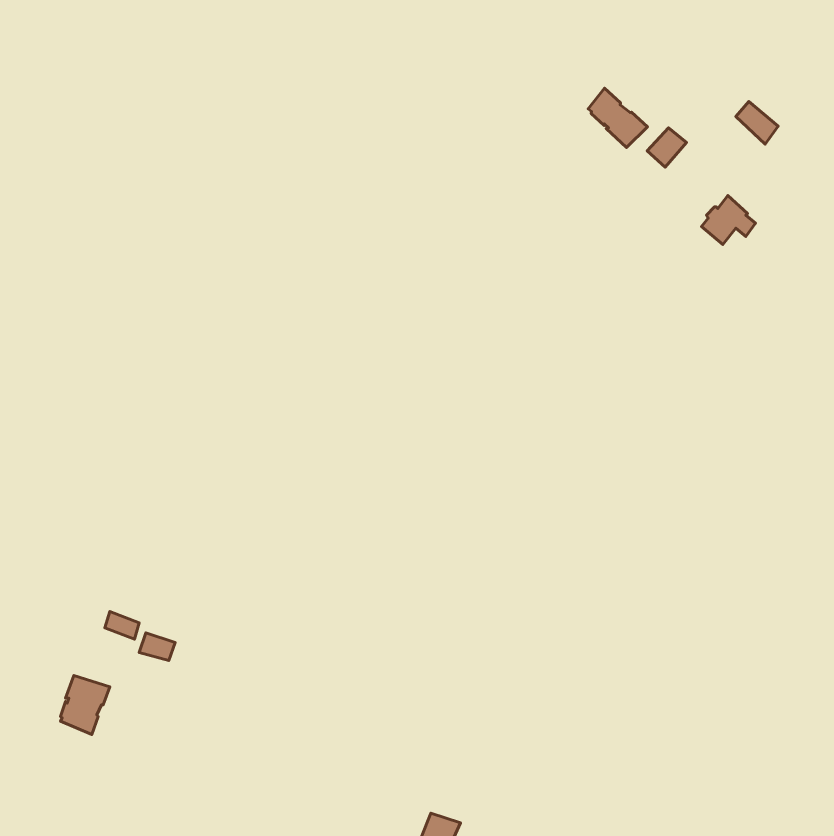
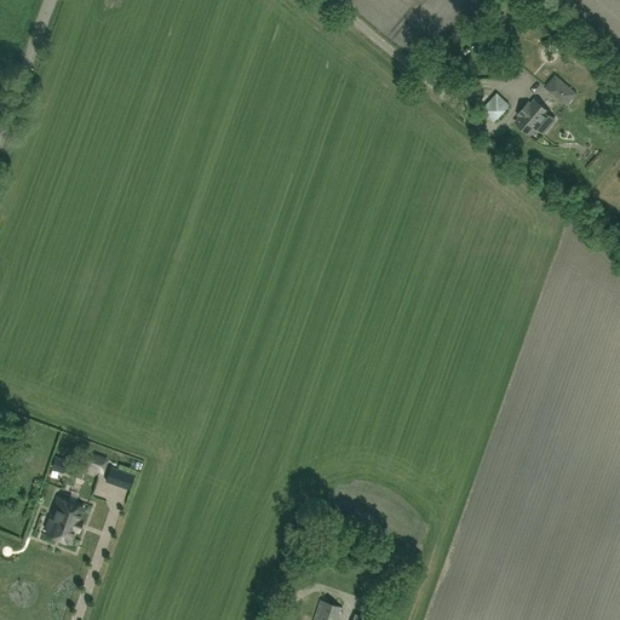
building: [588,88,648,147] -> none
building: [702,195,756,245] -> [513,101,553,137]

